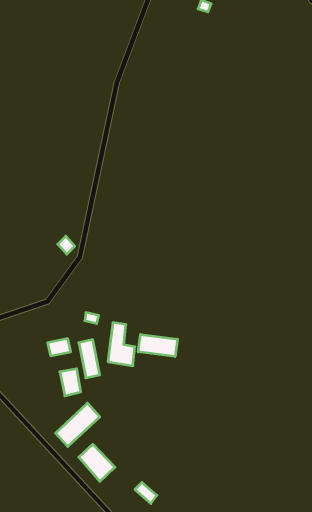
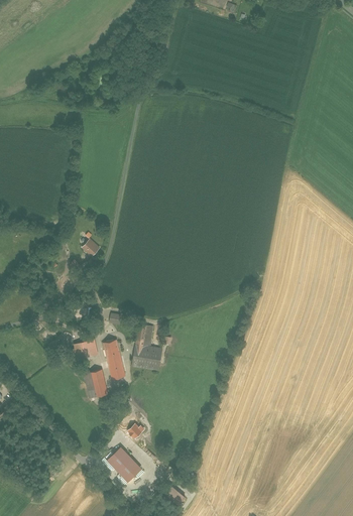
building: [138,334,177,357] -> none
building: [56,403,100,447] -> none

